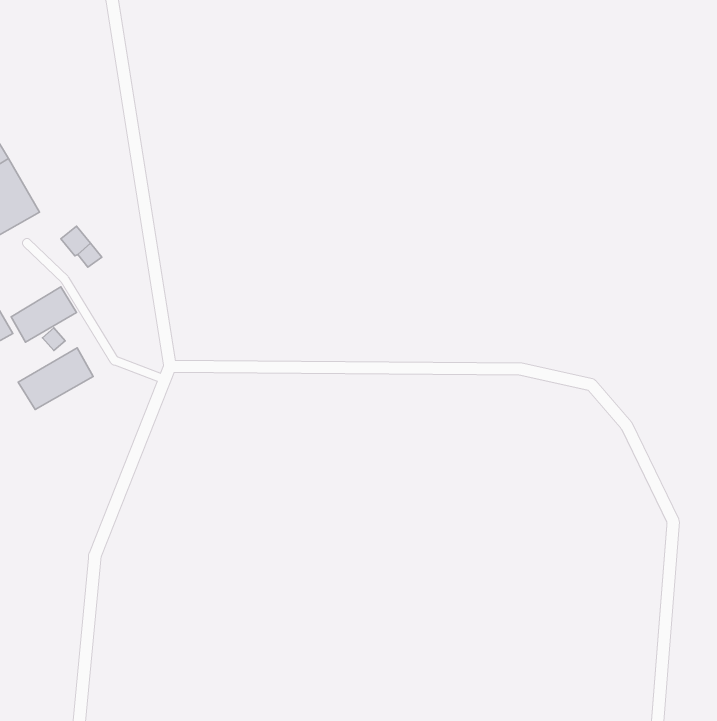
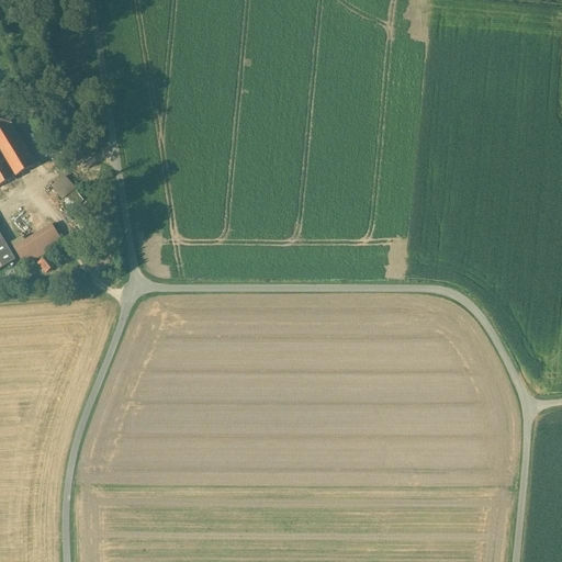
building: [18,348,93,409] -> none

